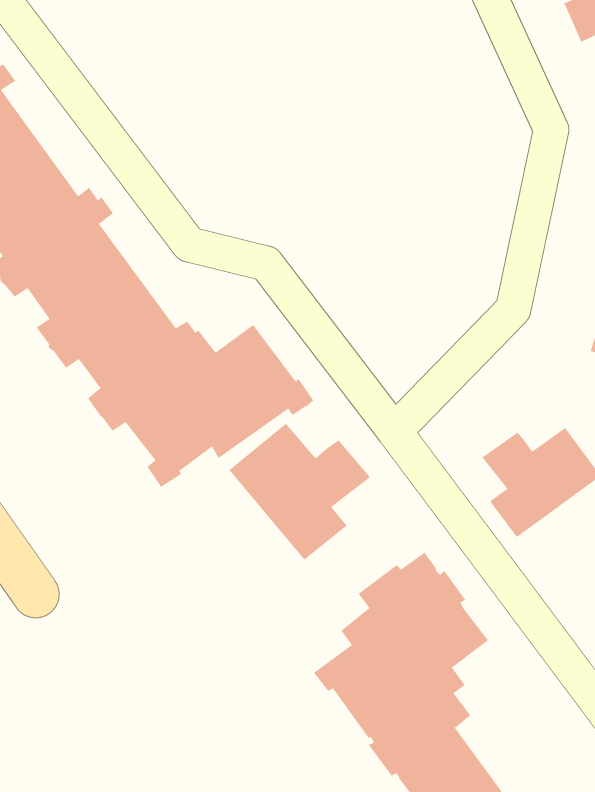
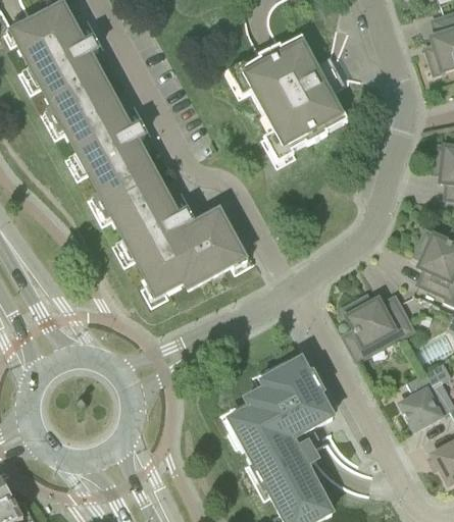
building: none -> [230,35,349,161]
building: [229,423,371,560] -> none

